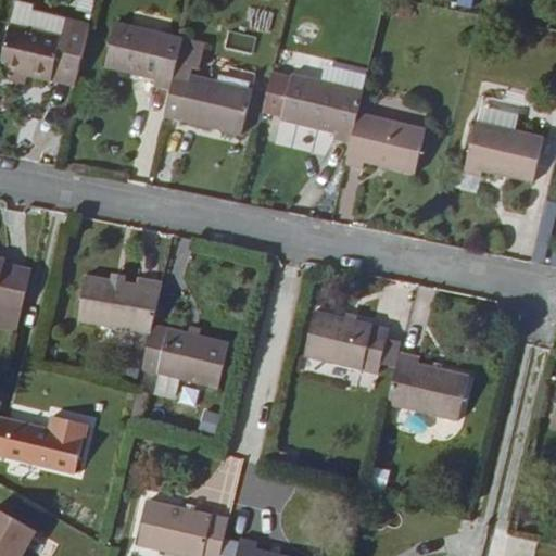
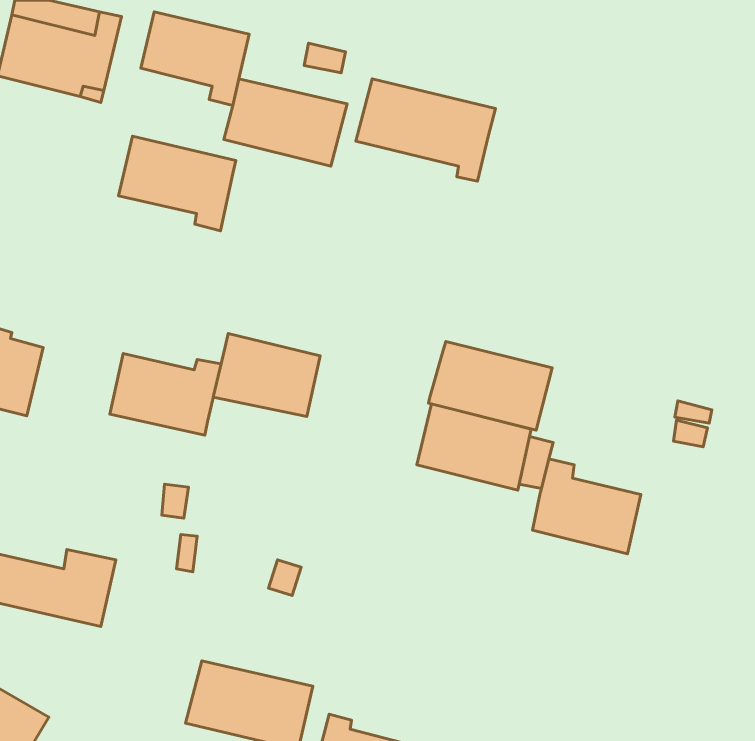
building: none -> [119,136,236,231]
building: [344,113,426,174] -> none
building: [459,122,544,180] -> none
building: none -> [428,342,552,430]
building: [141,321,219,382] -> [213,333,320,417]

